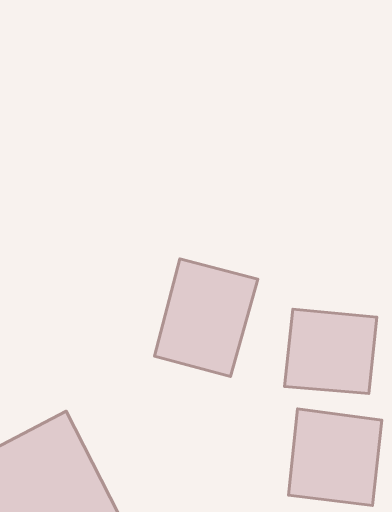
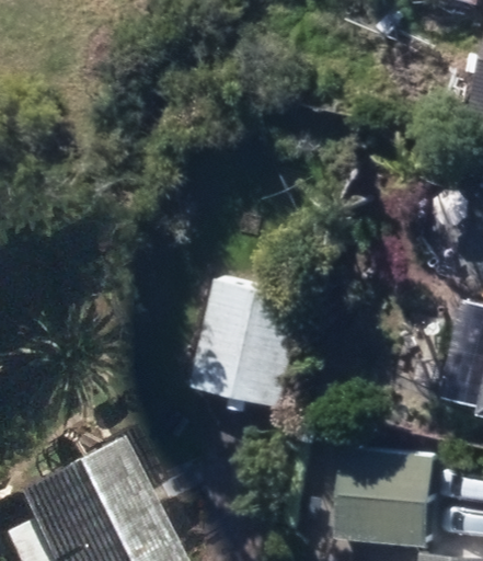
building: [284,309,377,393] -> none

